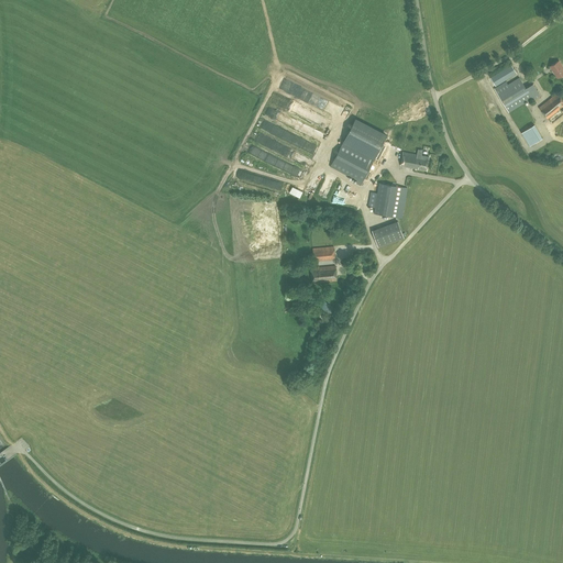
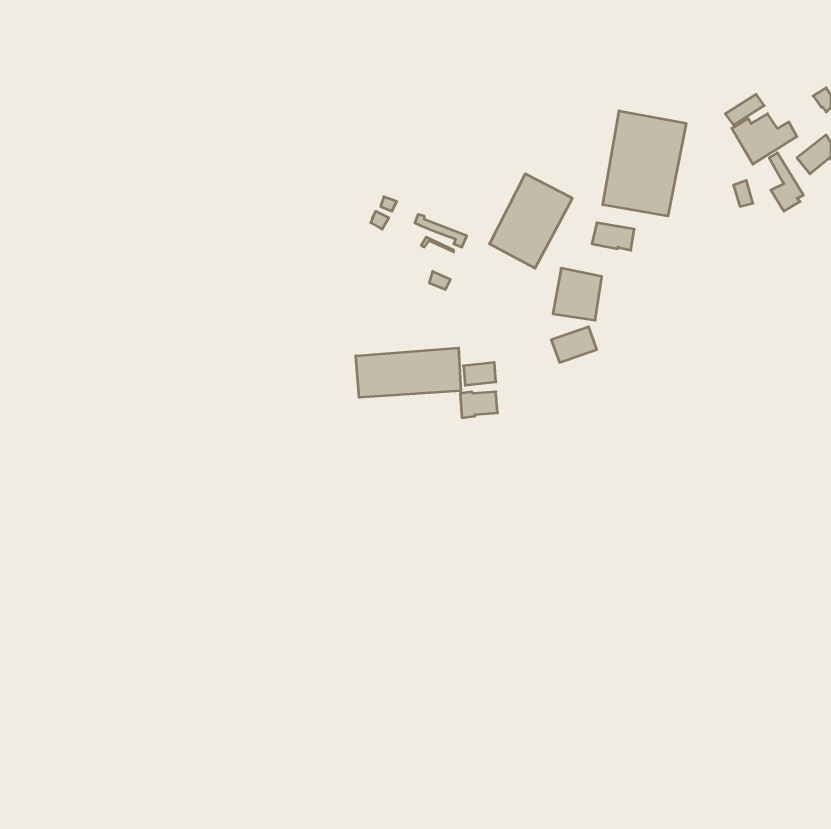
building: none -> [603,111,686,216]
building: none -> [356,348,461,397]

